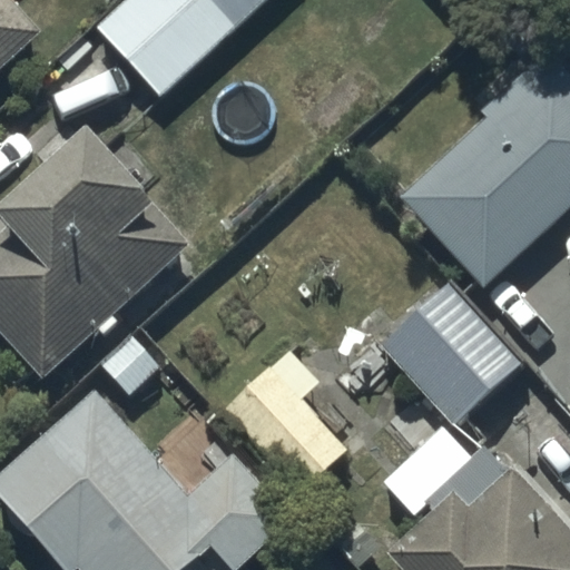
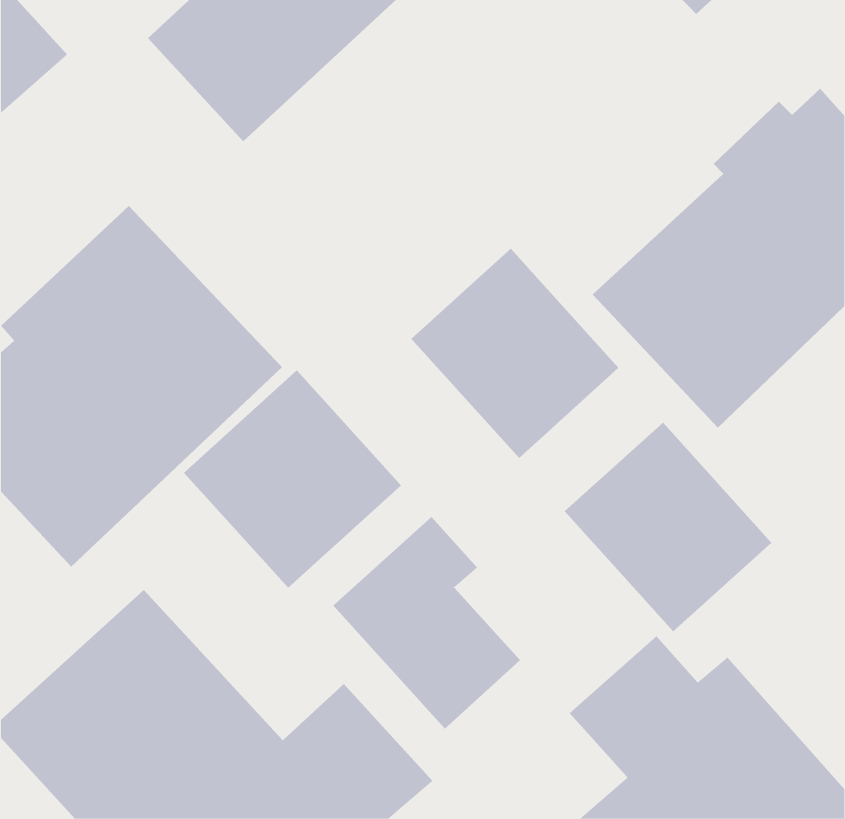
building: none -> [411,248,619,459]
building: none -> [183,370,402,588]

